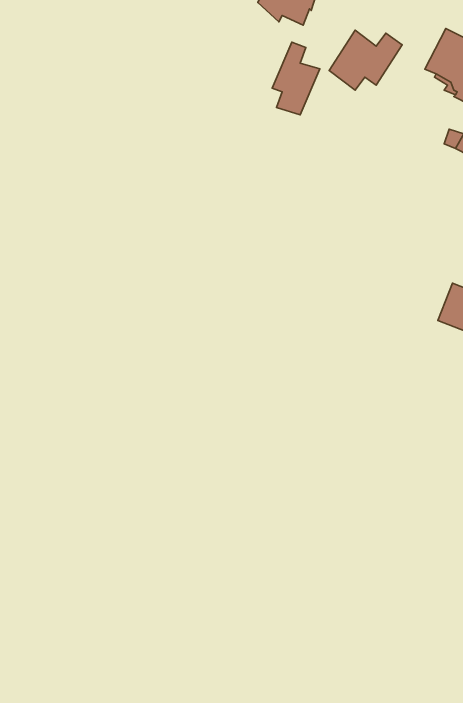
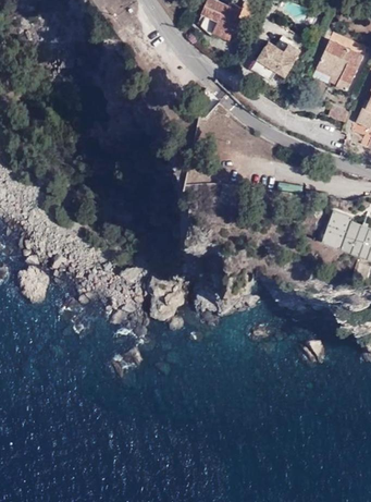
building: [272,42,320,115] -> none

